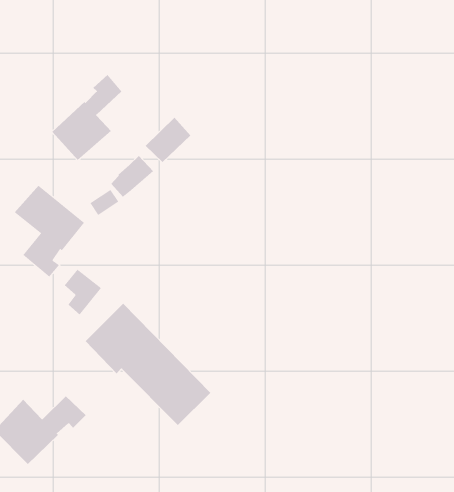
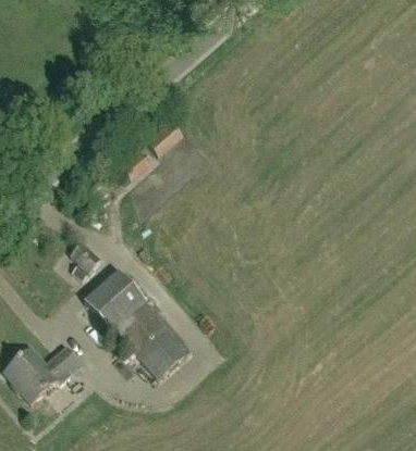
building: [51,74,122,161] -> none
building: [14,185,85,278] -> none

